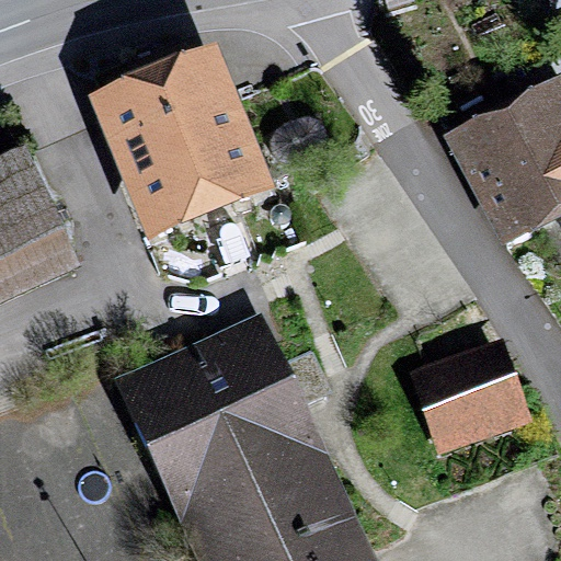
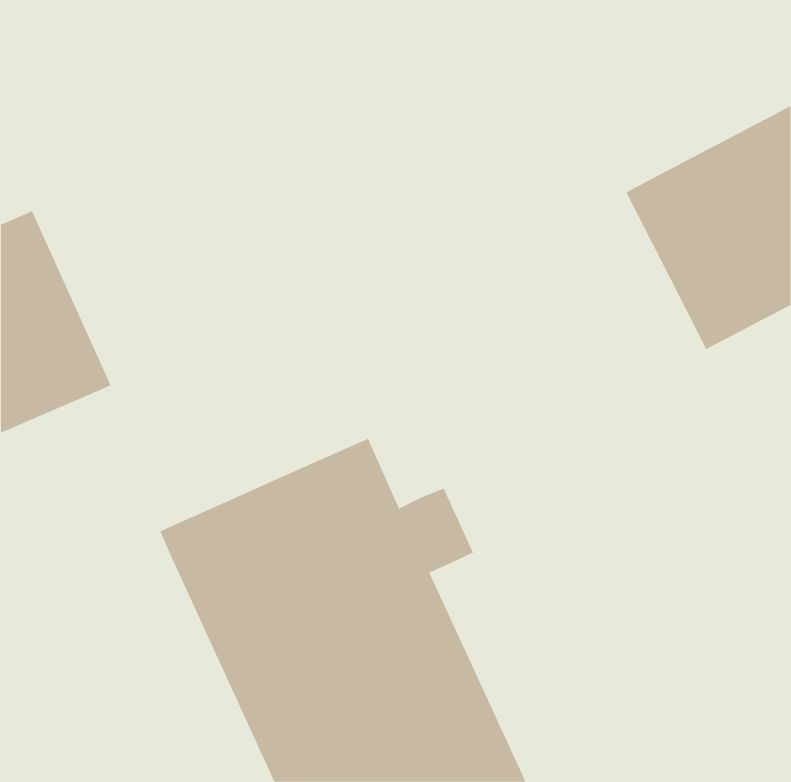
building: [87,46,275,245] -> none
building: [409,336,529,451] -> none

